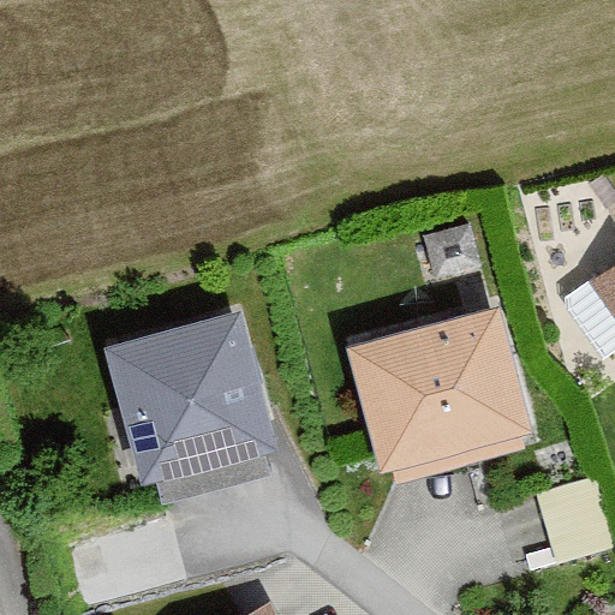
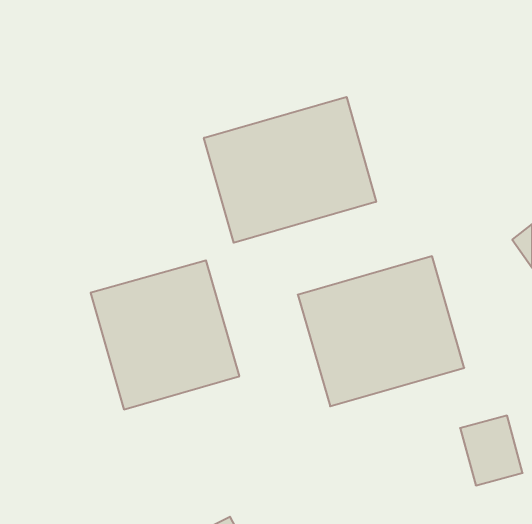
building: none -> [204,97,376,243]

